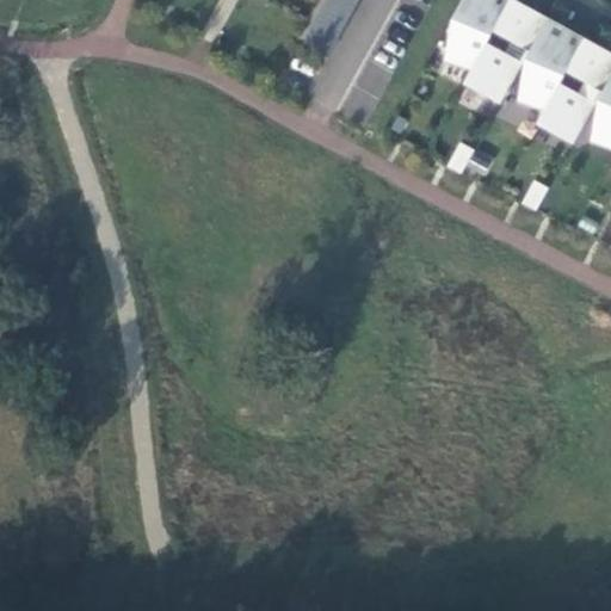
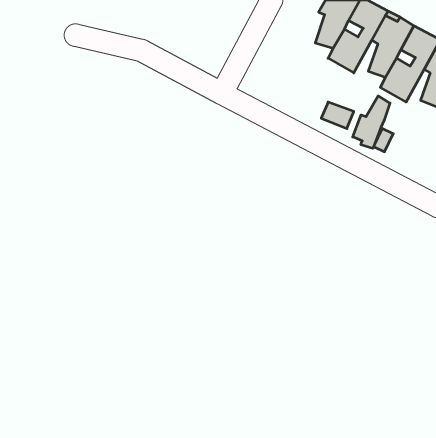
building: none -> [353,96,390,148]

